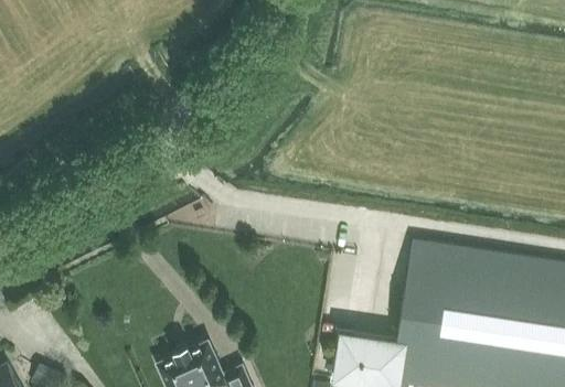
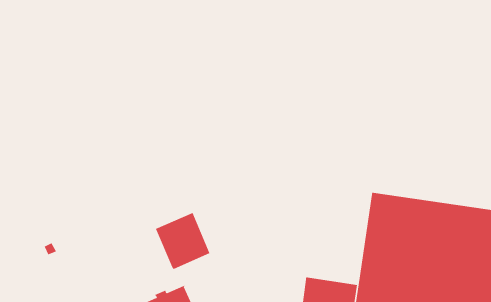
building: none -> [155,212,210,270]

